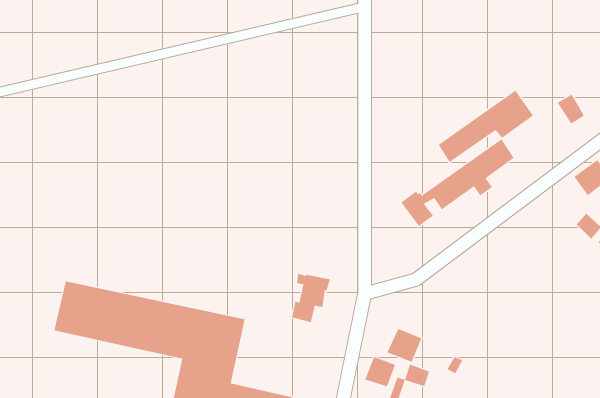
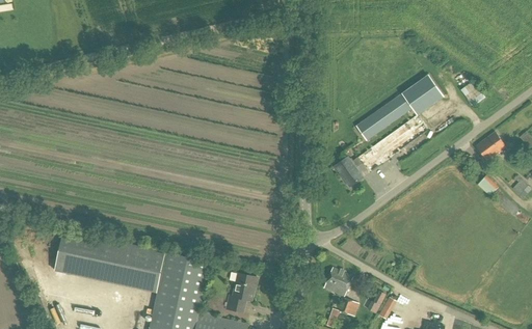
building: [291,273,331,323] -> [225,272,258,312]
building: [365,356,396,387] -> none

